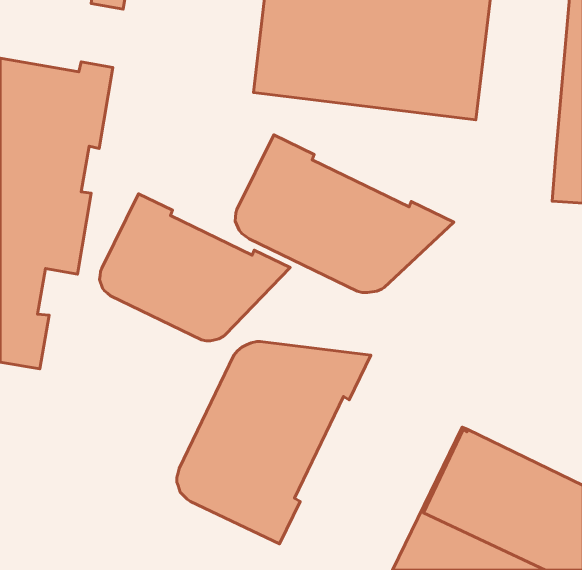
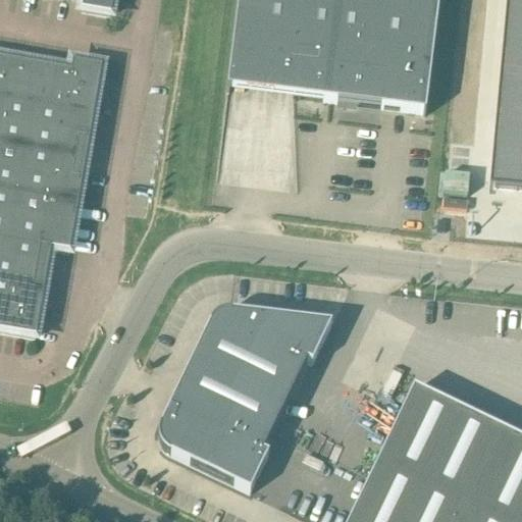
building: [235,135,454,293] -> none
building: [100,194,290,341] -> none

